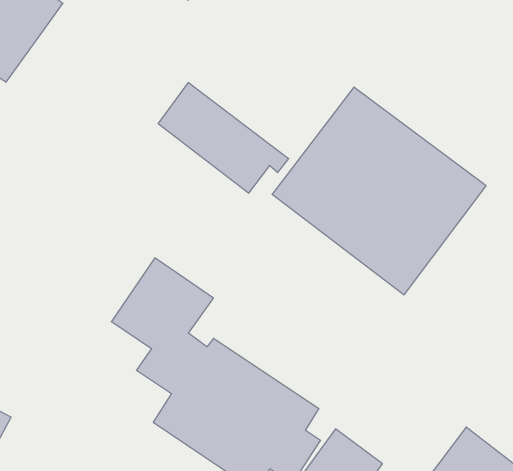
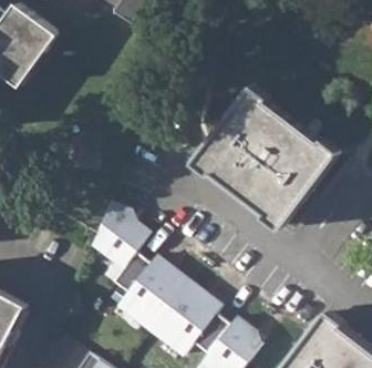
building: [158,82,289,193] -> none

